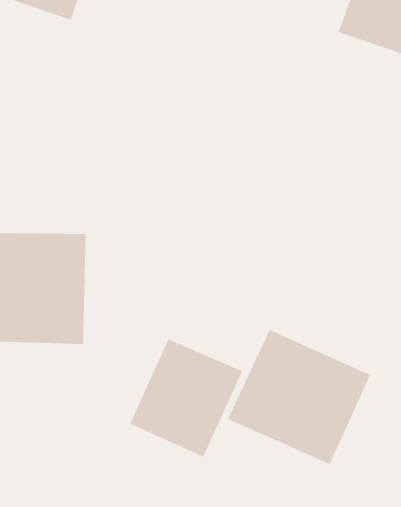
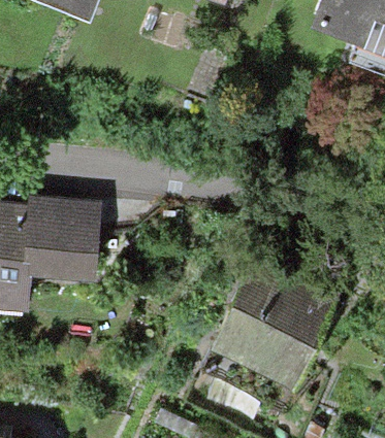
building: [129,338,243,457] -> none

